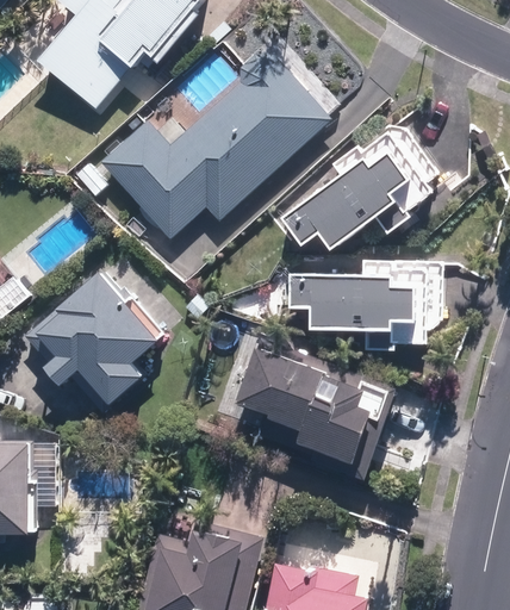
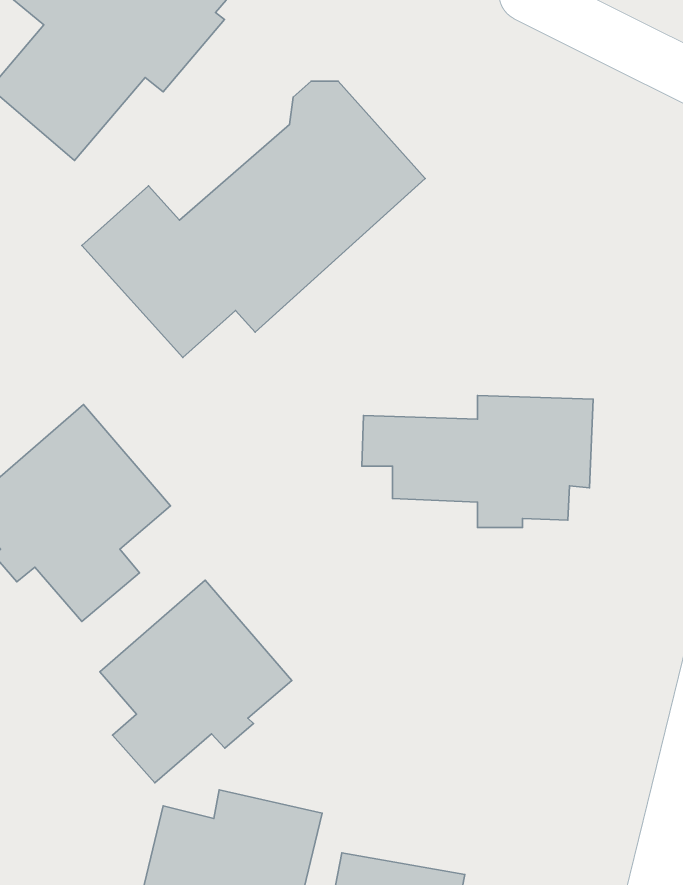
building: [282,125,439,250] -> none
building: [234,337,394,478] -> none
building: none -> [100,580,292,783]

